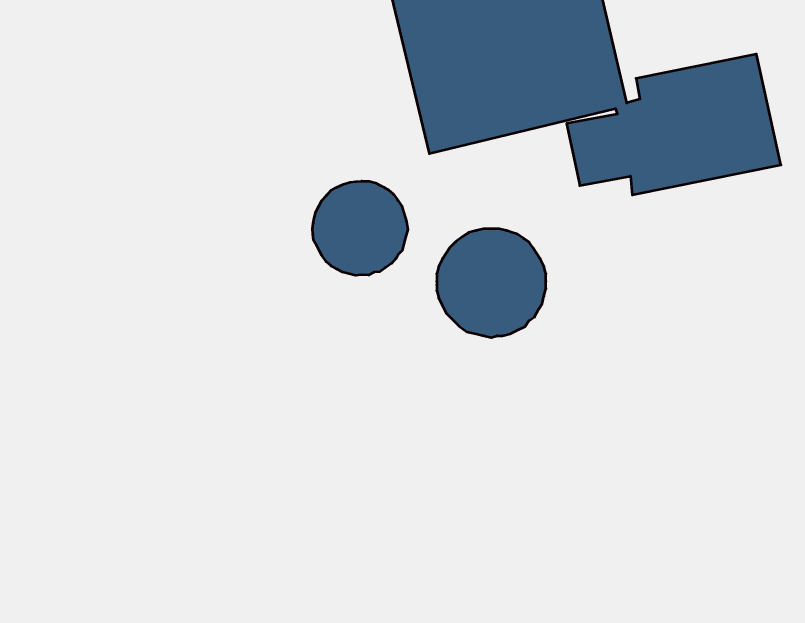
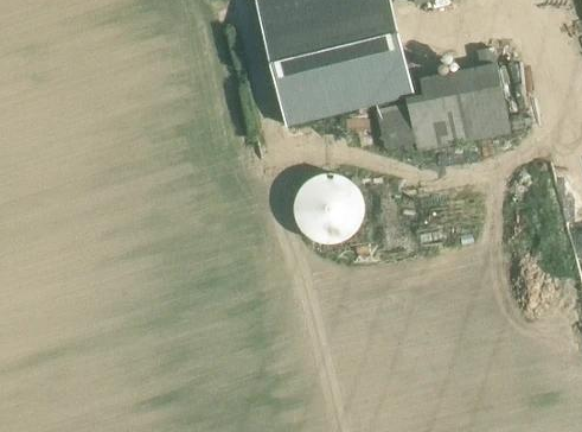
building: [312,181,408,275] -> none

